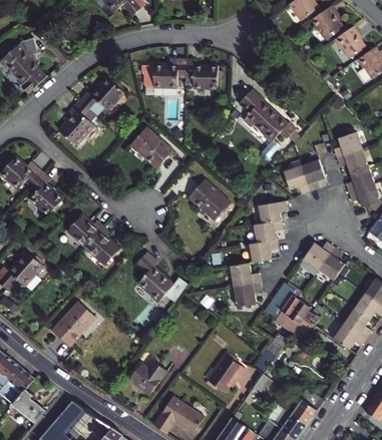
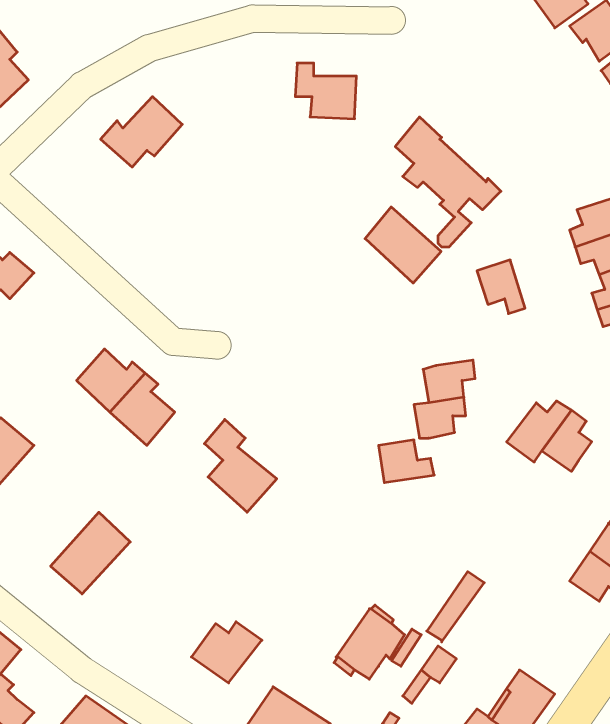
building: [152,58,185,87] -> none
building: [58,100,96,145] -> none
building: [130,127,171,168] -> none
building: [301,159,325,191] -> none
building: [30,172,63,215] -> none
building: [188,179,230,221] -> [365,207,441,283]
building: [259,200,287,223] -> none
building: [233,282,262,307] -> none
building: [263,282,312,331] -> none

